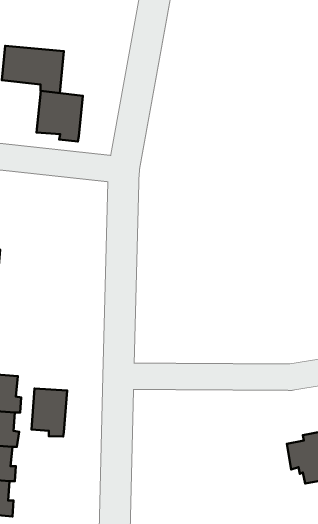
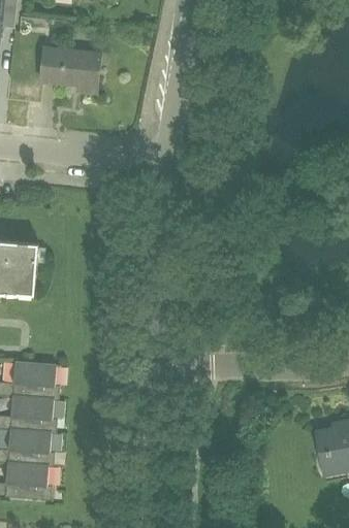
building: [36,91,83,141] -> none
building: [32,388,67,436] -> none

